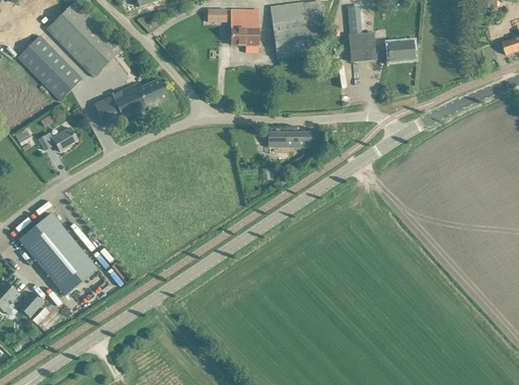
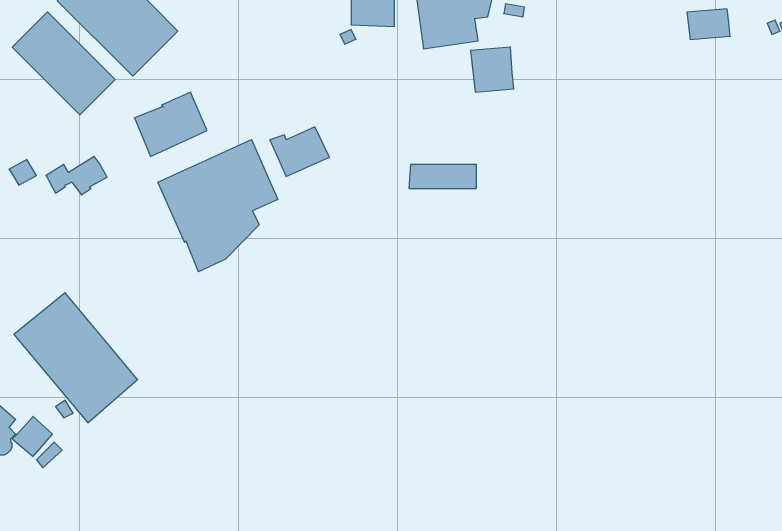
building: [348,32,375,61] -> [470,47,514,92]
building: [387,41,415,60] -> [687,9,730,39]
building: [130,78,167,109] -> [270,127,329,177]
building: none -> [158,140,278,272]

